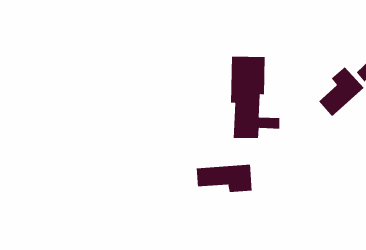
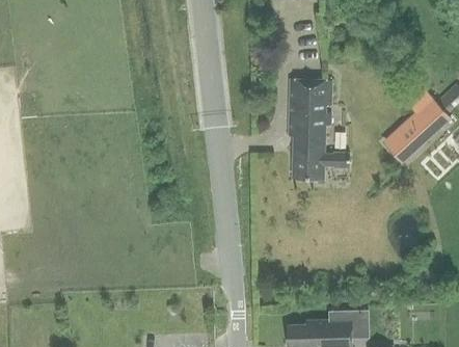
building: [196,164,252,193] -> none

